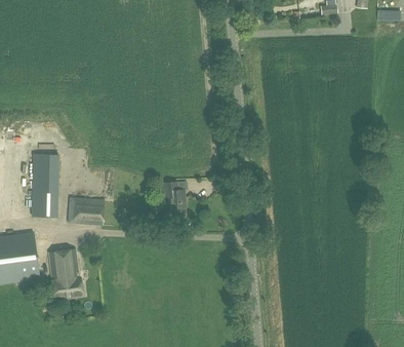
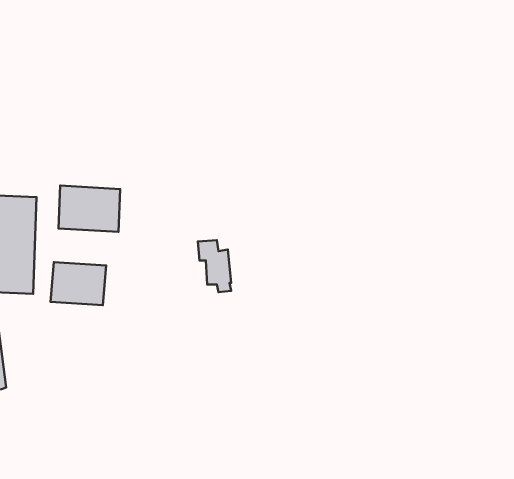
building: none -> [58,185,120,232]
building: [48,249,81,298] -> none

